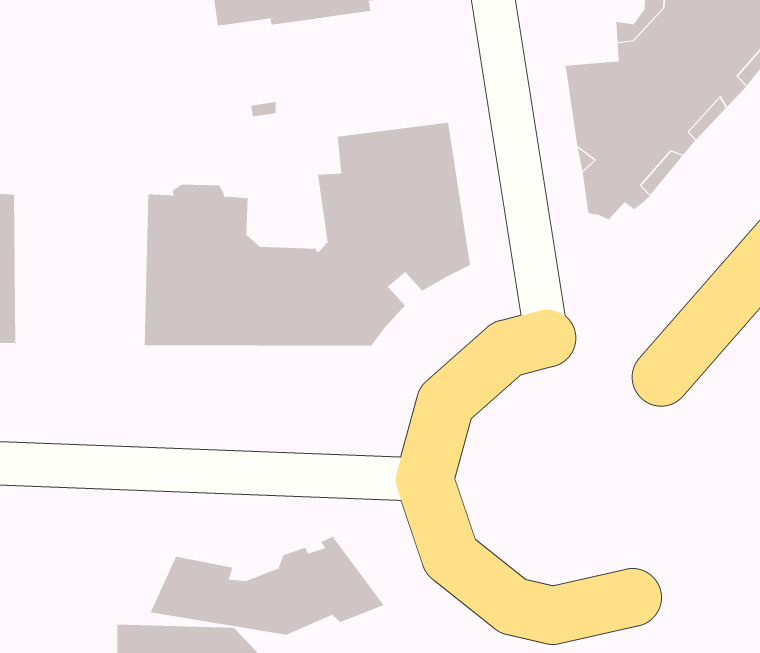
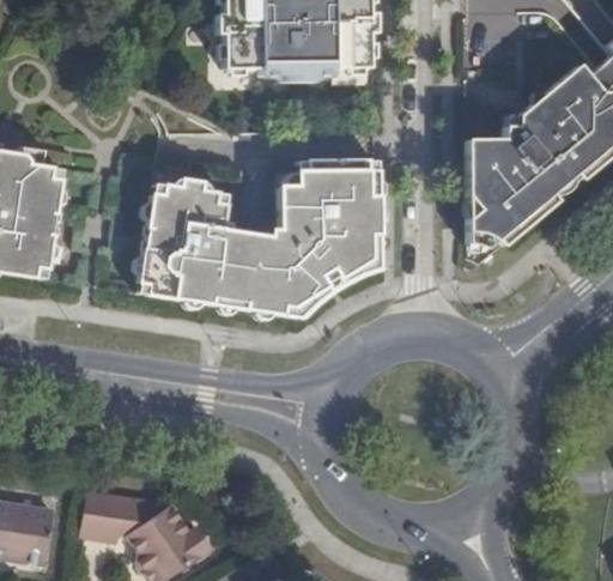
building: [150,536,385,635] -> none

